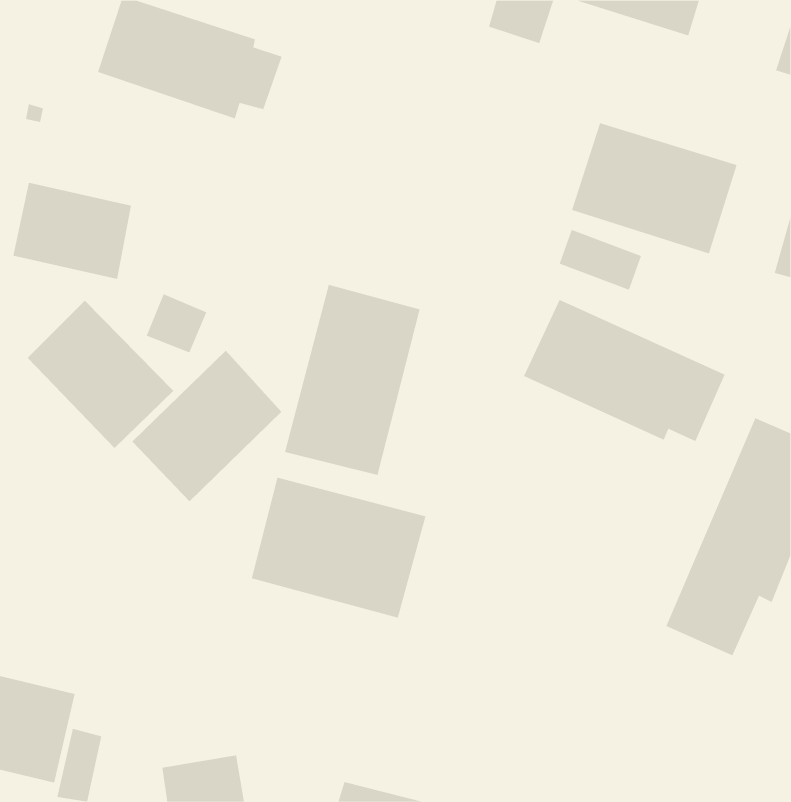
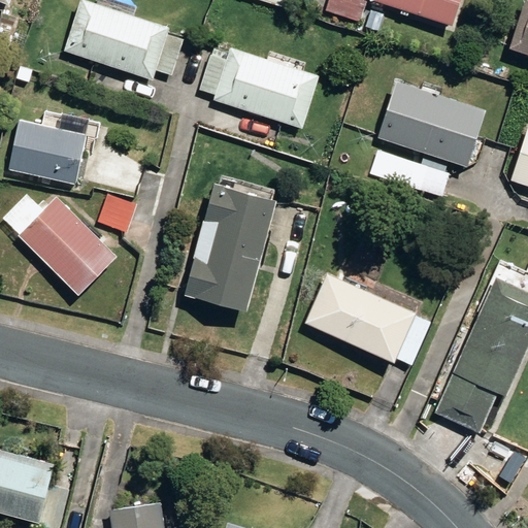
building: none -> [201,48,319,128]
building: [523,299,725,442] -> [299,270,432,364]
building: [132,350,282,502] -> none
building: [251,477,426,619] -> none

